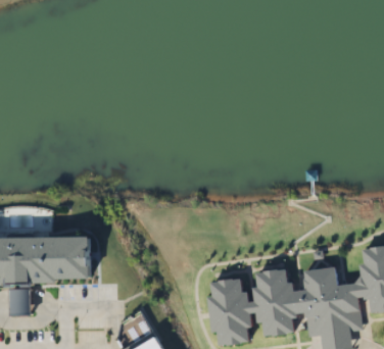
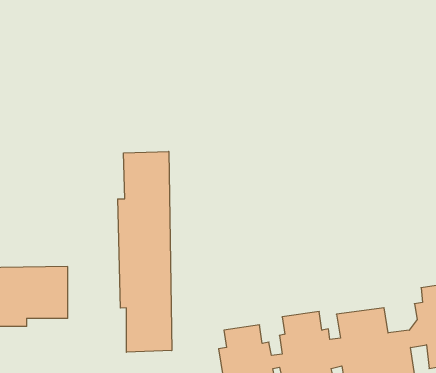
building: none -> [118,151,172,352]

